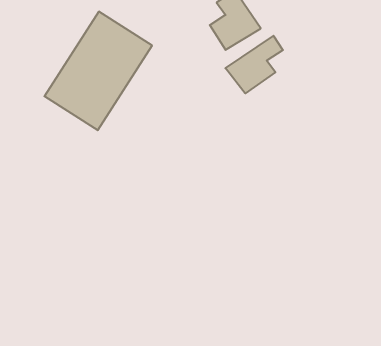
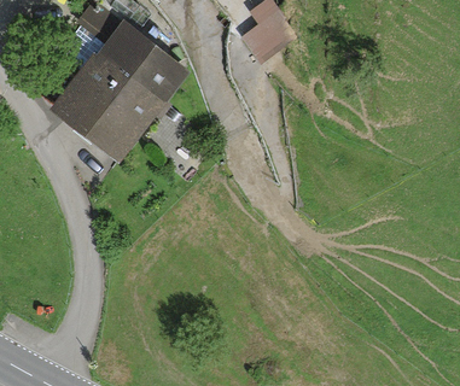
building: [225,36,283,93] -> none

